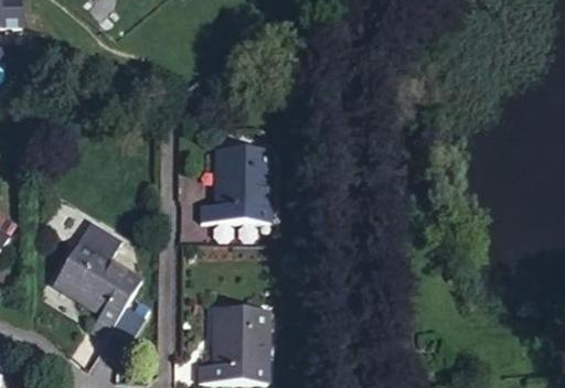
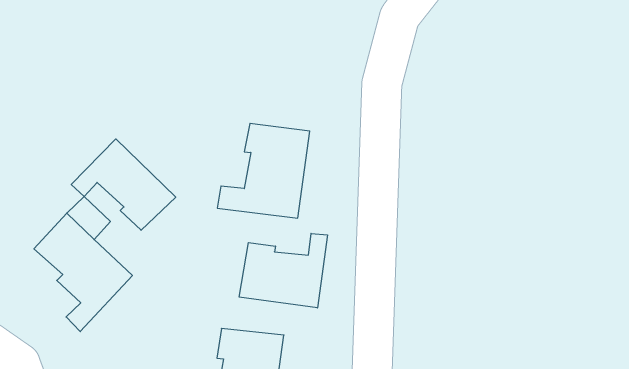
building: none -> [71,139,176,230]
building: none -> [239,233,327,308]

